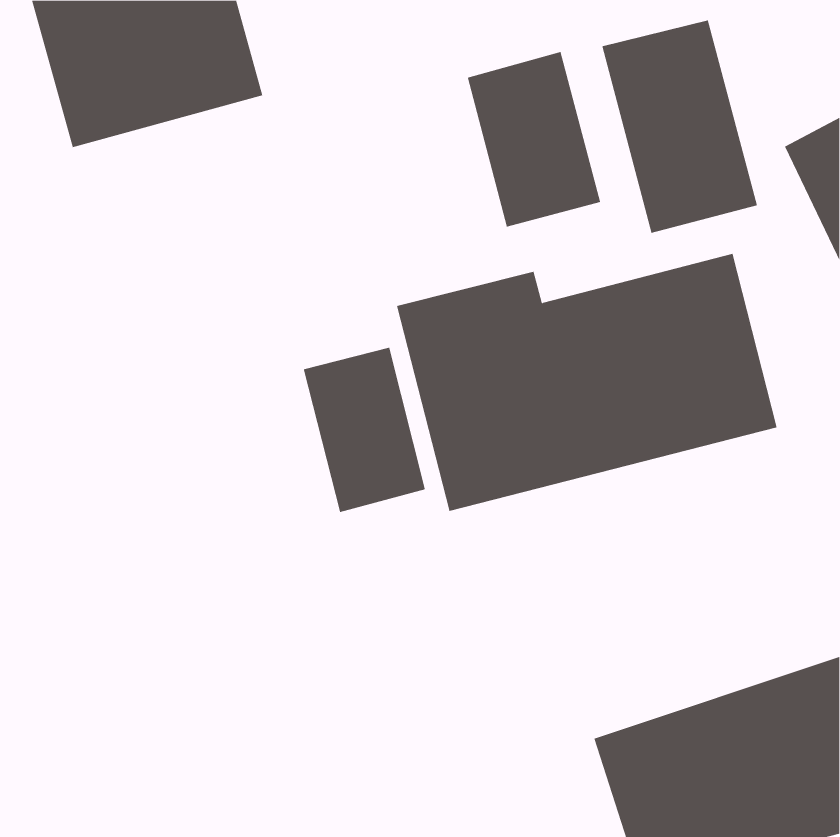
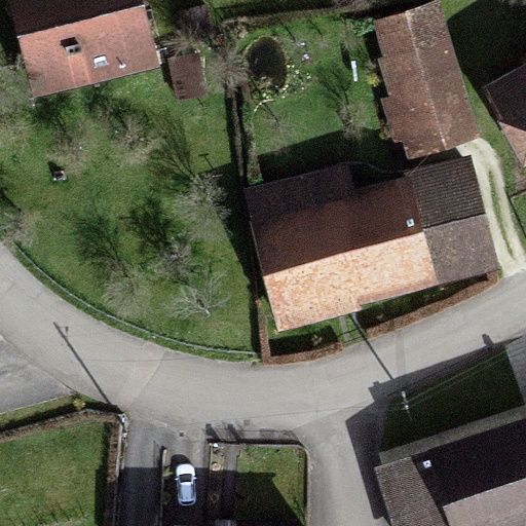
building: [467,51,601,228] -> none
building: [303,347,425,513] -> none

